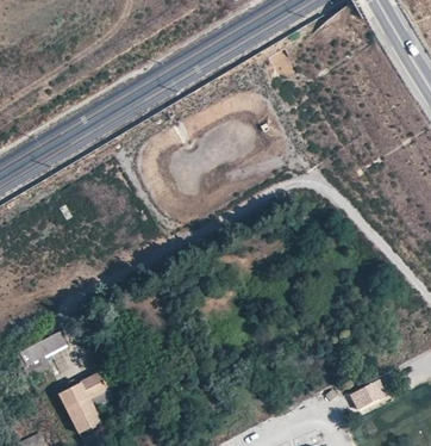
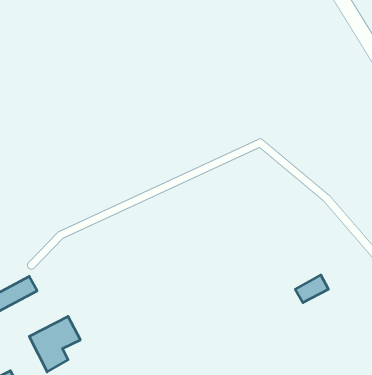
building: [350,380,386,410] -> [295,275,328,303]

